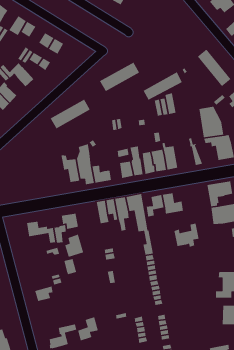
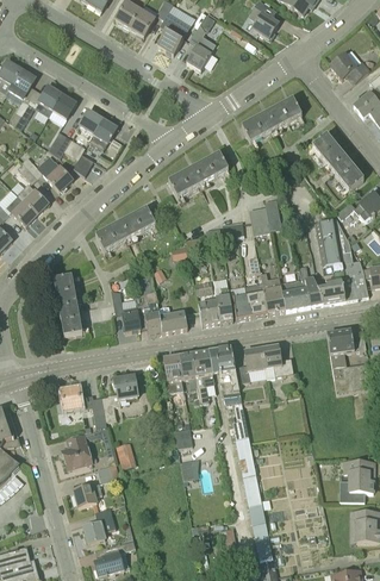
building: [142,71,183,101] -> [242,98,301,142]
building: none -> [54,275,82,336]
building: none -> [311,276,343,304]
building: none -> [280,279,310,310]
building: [173,223,200,248] -> none
building: [64,234,84,258] -> [62,432,92,468]
building: [77,316,99,341] -> [83,506,116,543]

